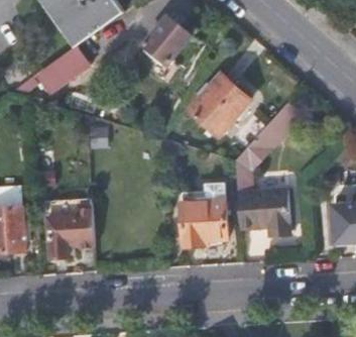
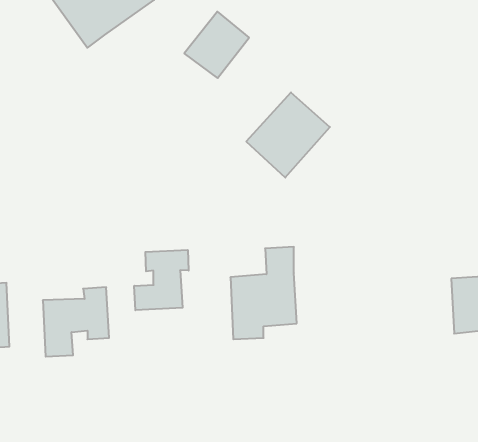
building: [35,42,92,90] -> none
building: [234,102,301,235] -> none
building: none -> [134,250,189,310]

